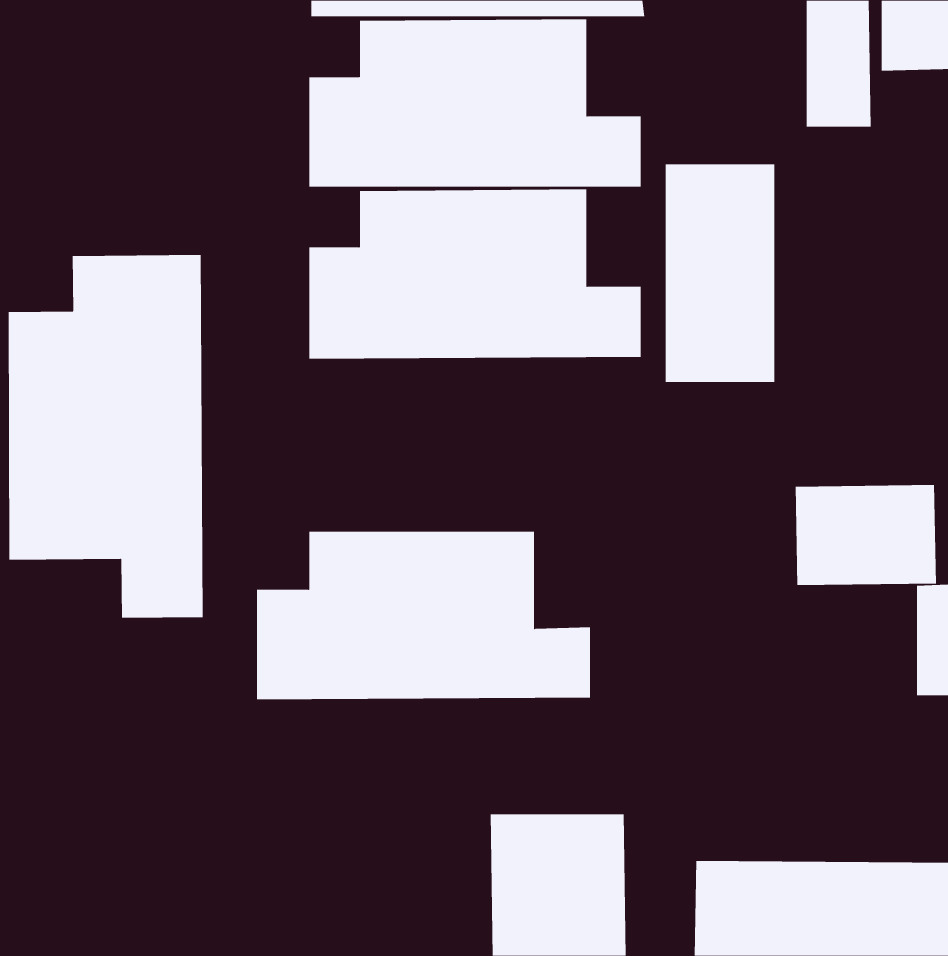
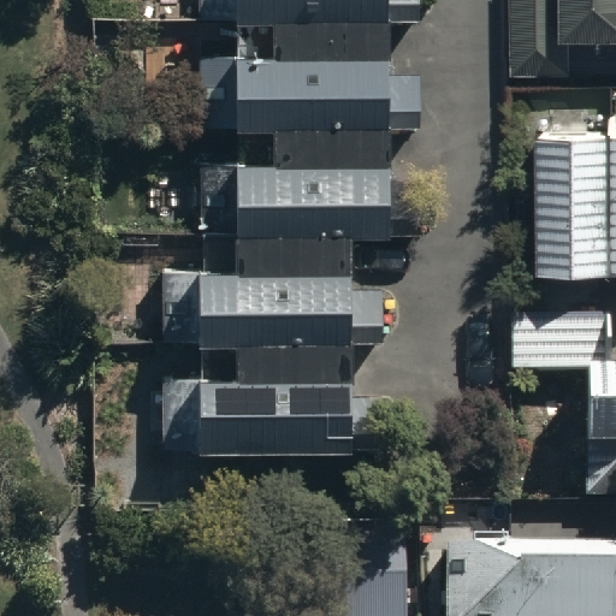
building: [665,164,775,383] -> [537,140,608,280]
building: [8,254,203,619] -> none
building: none -> [170,232,385,340]

